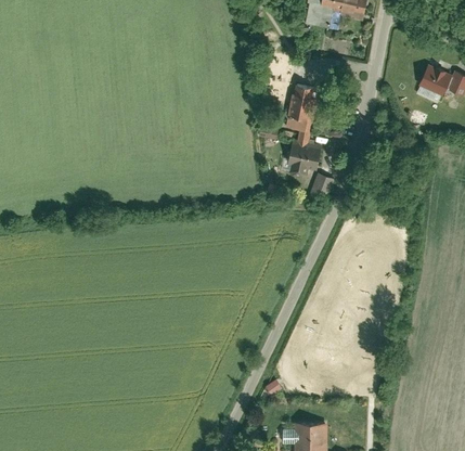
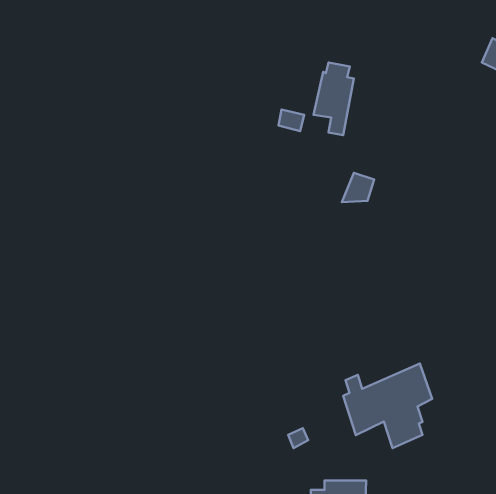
building: [289,141,321,178] -> none
building: none -> [343,364,432,448]

